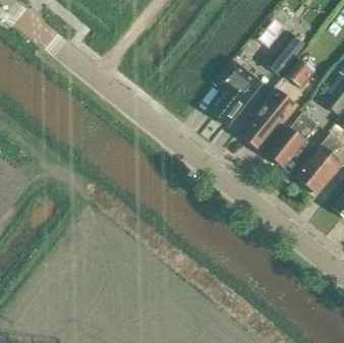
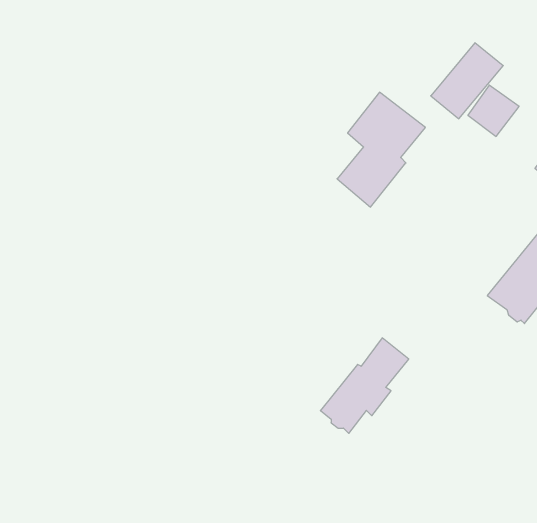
building: [245,92,295,148] -> none
building: [268,112,319,167] -> [320,338,409,433]

